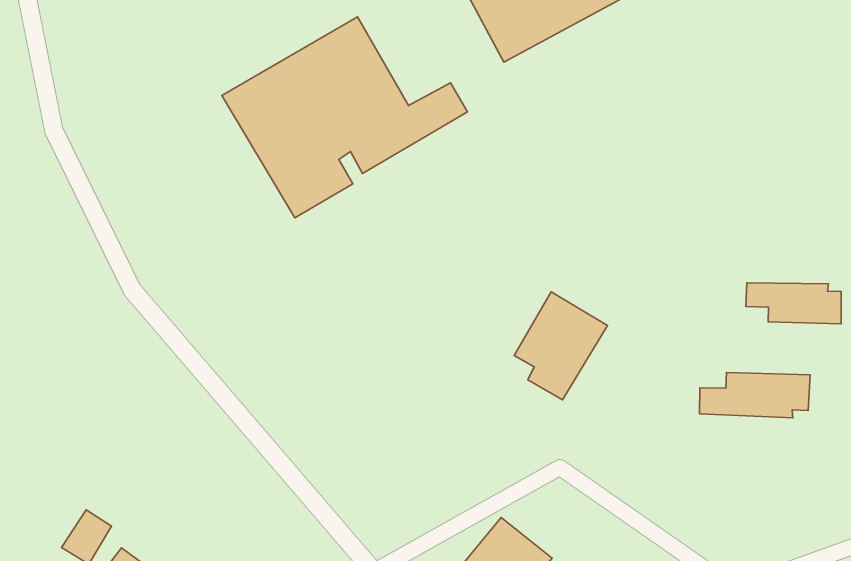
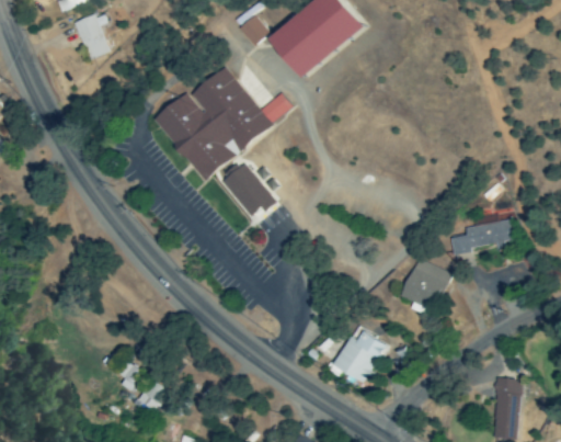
building: none -> [219,162,273,214]
building: [746,283,841,324] -> none
building: [514,292,607,400] -> [399,257,447,315]

